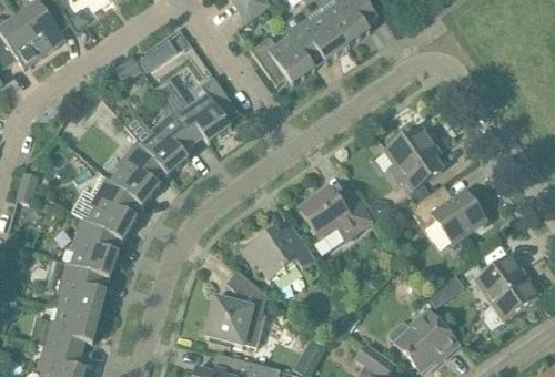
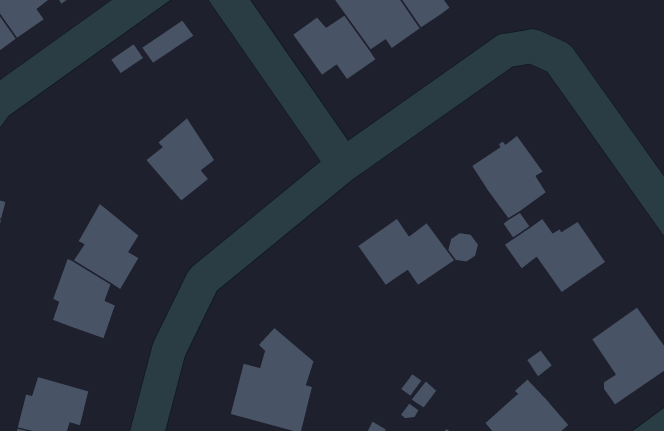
building: [153,75,240,144] -> none
building: [111,140,168,206] -> none
building: [242,224,316,279] -> none
building: [49,259,110,317] -> none

